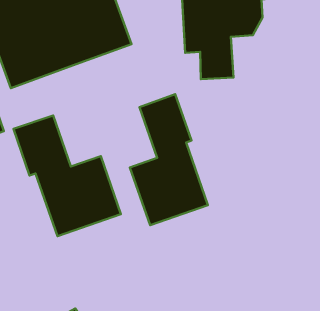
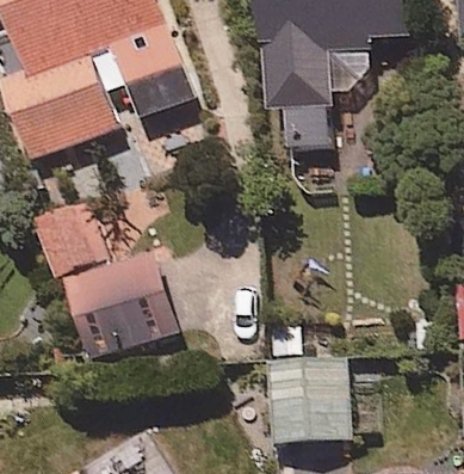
building: [130,94,208,225] -> none
building: none -> [266,357,349,443]

